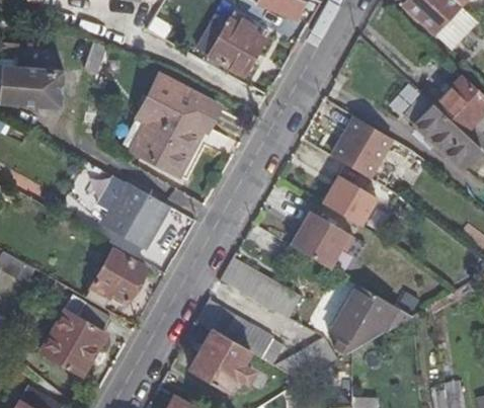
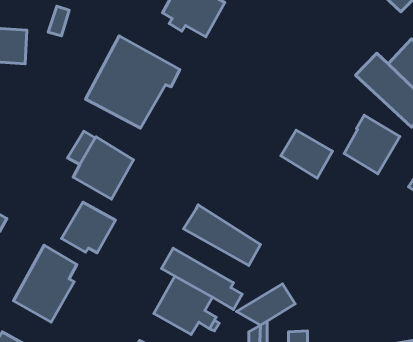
building: [334,116,393,178] -> [344,115,400,174]
building: [291,211,354,269] -> none
building: [330,285,410,354] -> none

